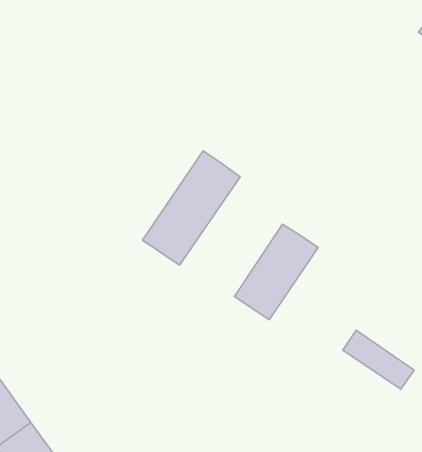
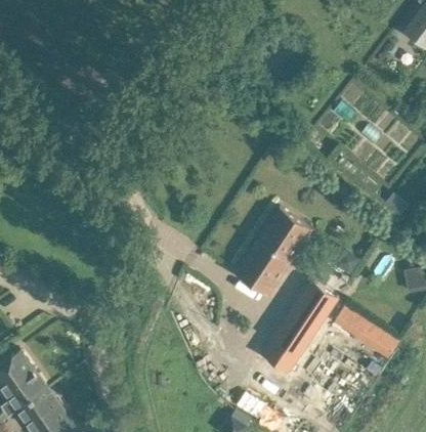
building: [143,151,240,265] -> none
building: none -> [261,280,339,374]

